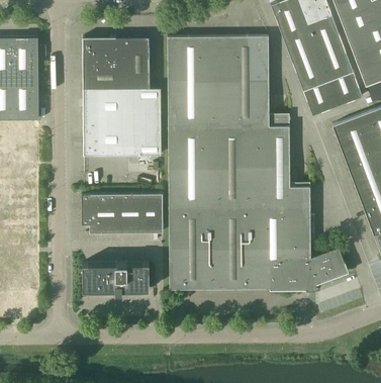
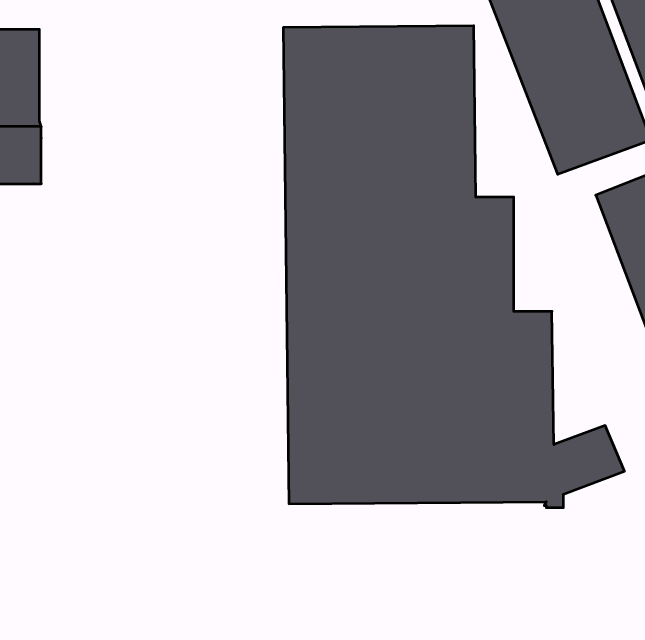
building: [82,37,159,155] -> none
building: [81,194,163,232] -> none
building: [82,263,149,293] -> none

